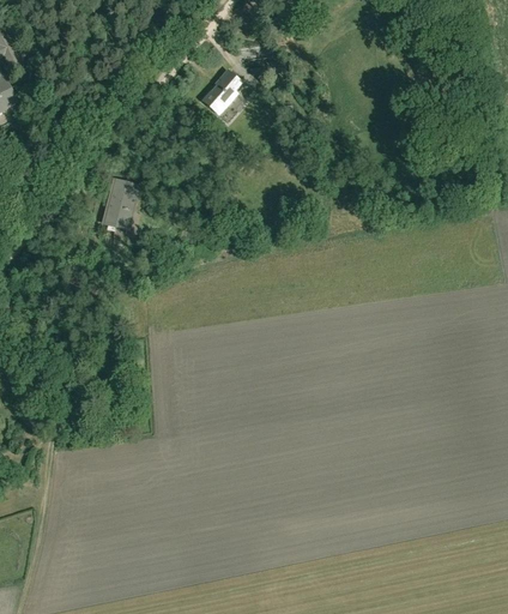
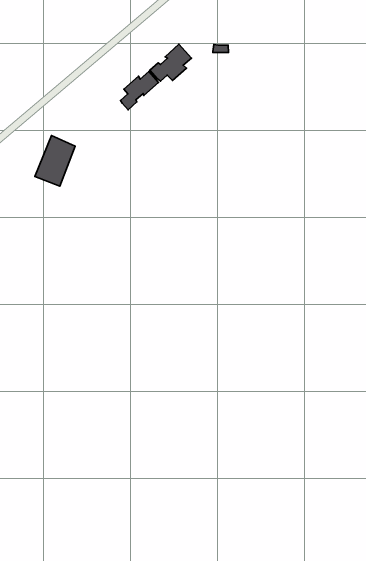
building: none -> [120,71,159,110]

